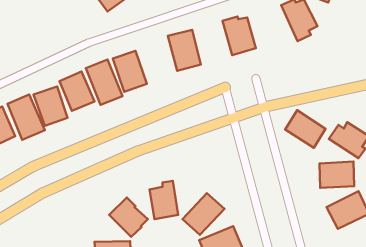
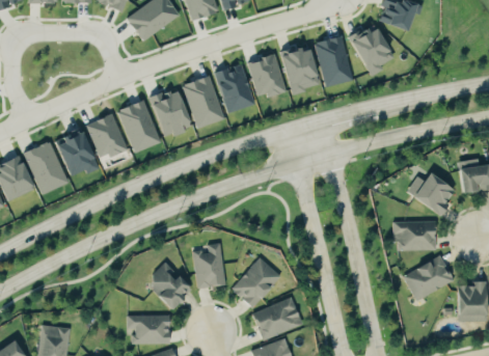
building: none -> [314,34,353,86]
building: none -> [248,54,283,98]
building: none -> [182,75,224,128]
building: [285,110,326,148] -> none

